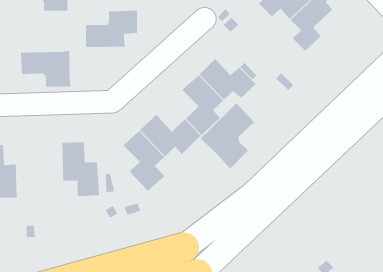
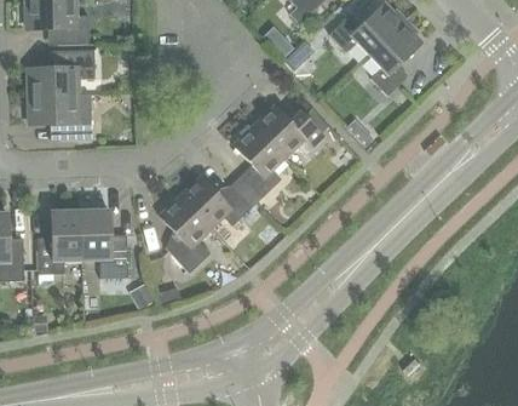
building: [85,10,138,48] -> [28,48,94,96]
building: [199,103,255,170] -> none
building: none -> [38,210,81,274]

